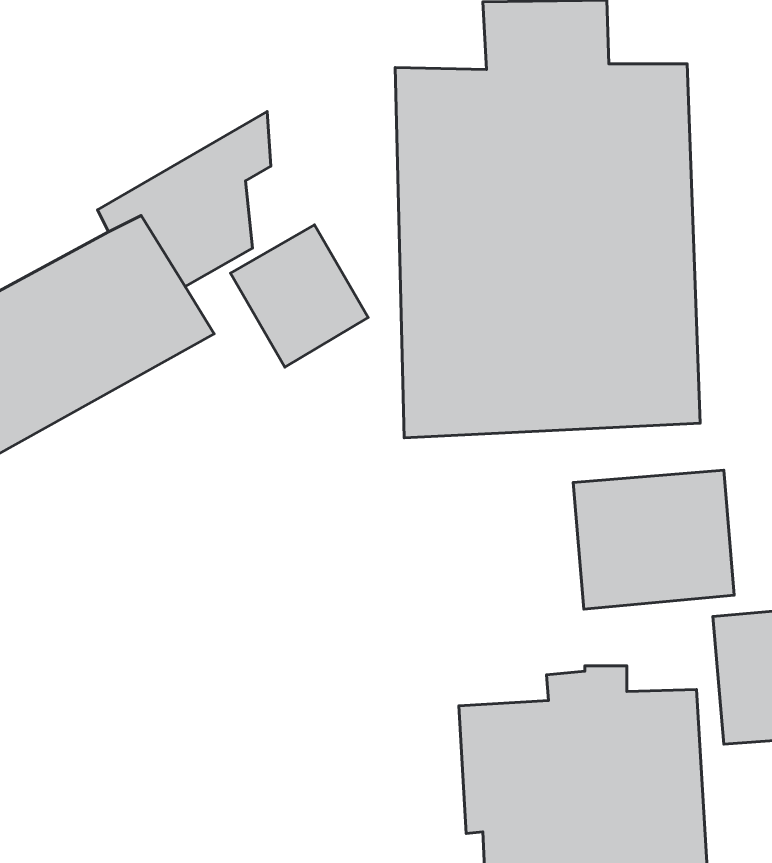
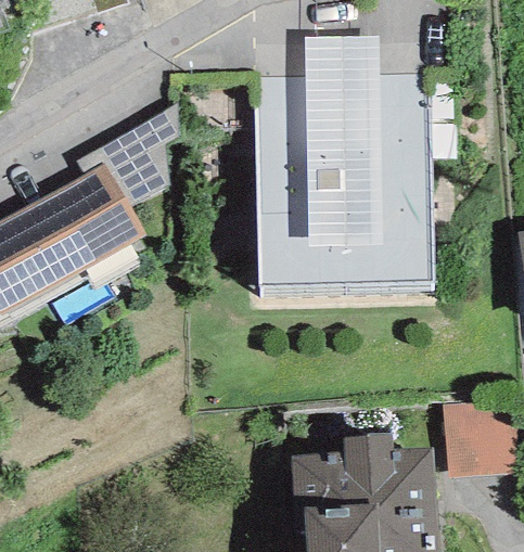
building: [230,225,368,367] -> none
building: [573,470,734,609] -> none

